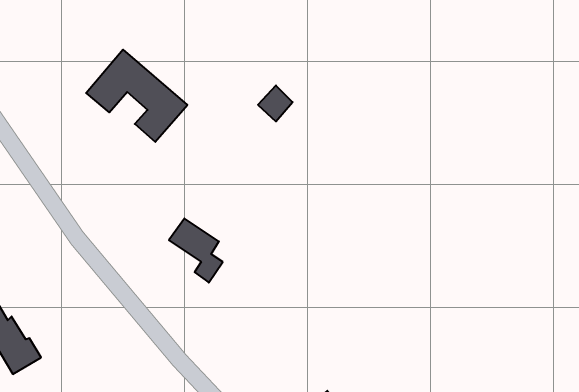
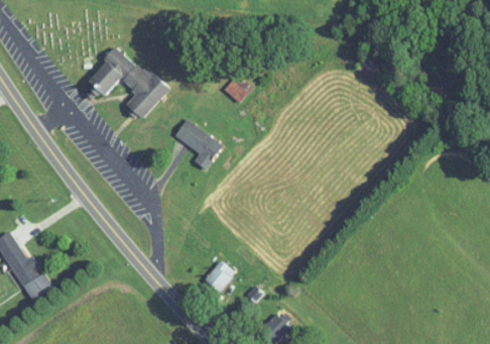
building: [169,218,223,283] -> [173,119,216,169]
building: none -> [204,260,234,292]

